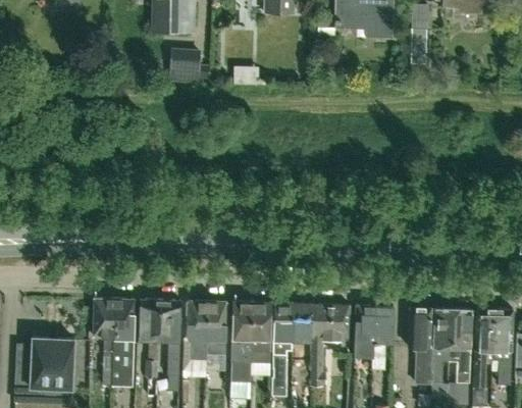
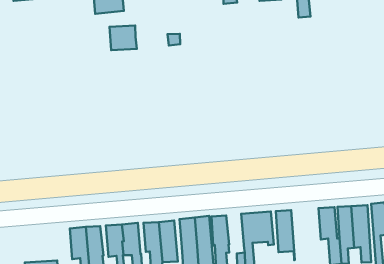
building: [293,304,312,348] -> none
building: [373,306,394,370] -> none

